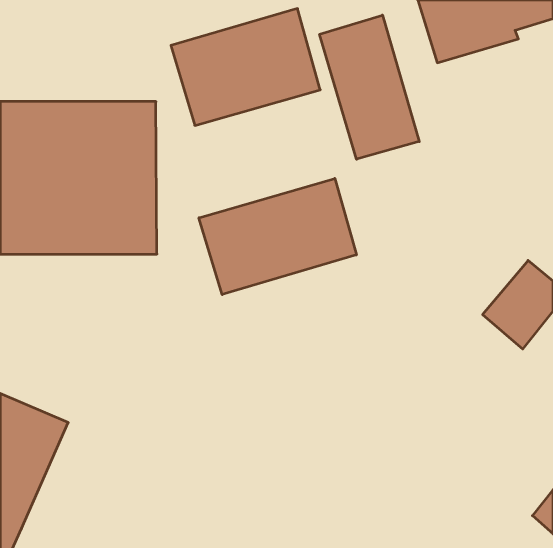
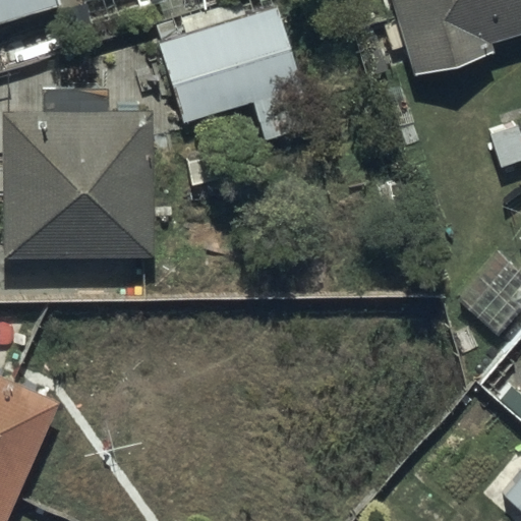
building: [320,15,419,159] -> none
building: [199,178,356,295] -> none

